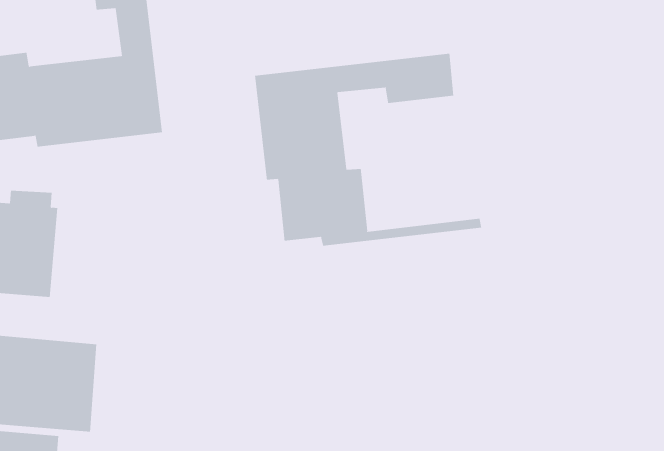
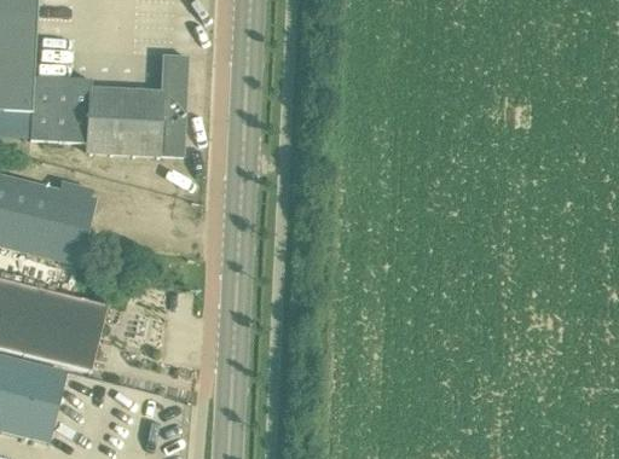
building: [254,53,482,247] -> none

